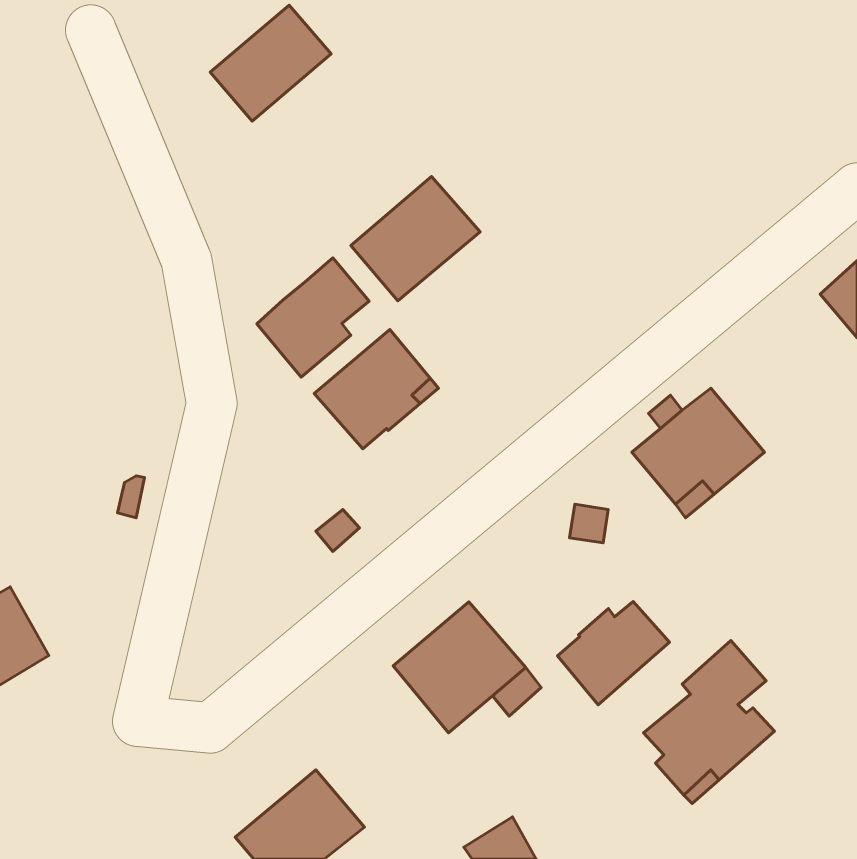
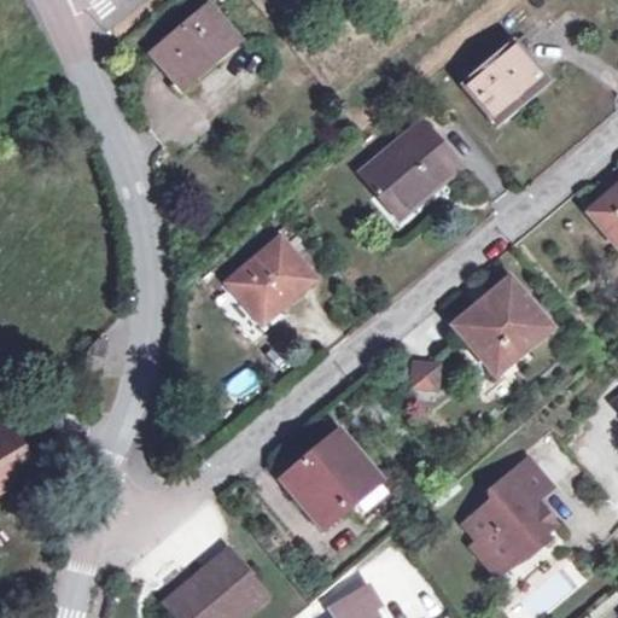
building: none -> [467,42,546,119]
building: [351,176,480,301] -> [365,126,457,215]
building: [257,258,369,377] -> none
building: [557,602,669,705] -> none

